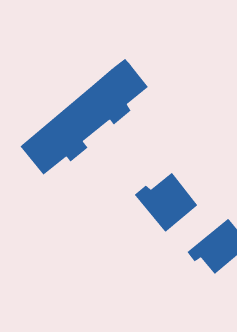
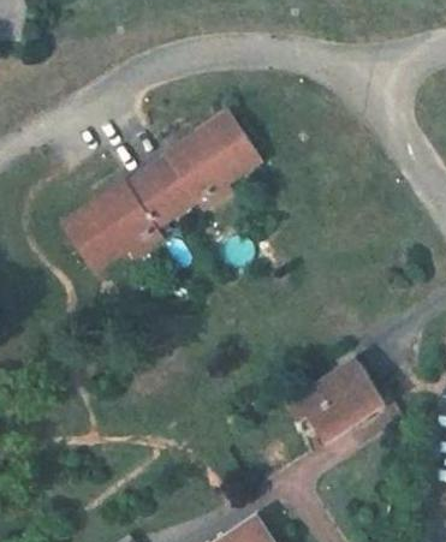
building: [134,172,198,233] -> none

